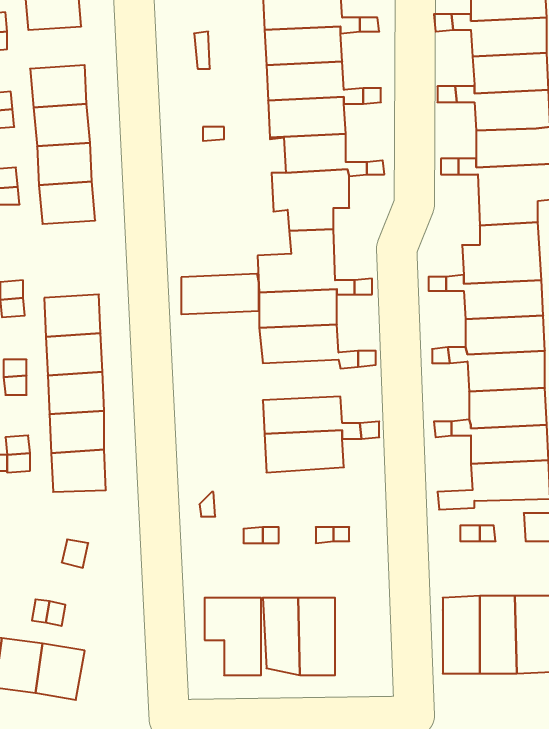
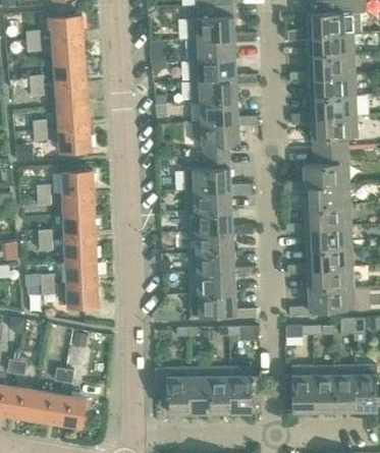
building: none -> [53,39,86,63]
building: none -> [61,171,94,195]
building: [181,274,259,314] -> [188,231,233,254]
building: none -> [191,293,258,321]
building: none -> [230,369,252,413]

